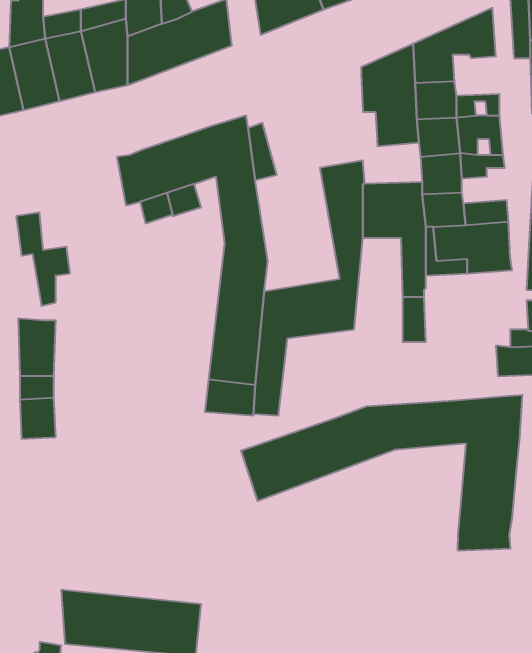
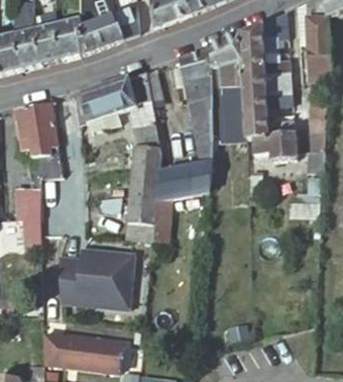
building: none -> [183,47,214,100]
building: none -> [17,100,63,176]
building: [241,395,522,551] -> none
building: none -> [60,250,135,309]

